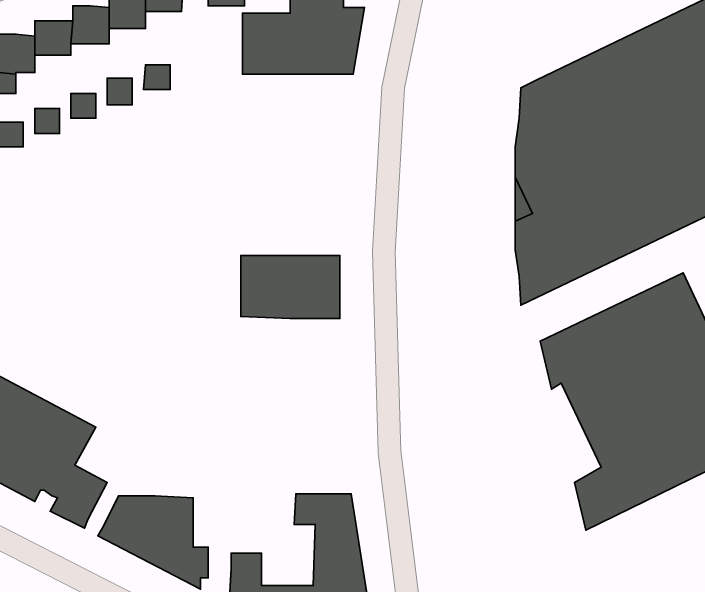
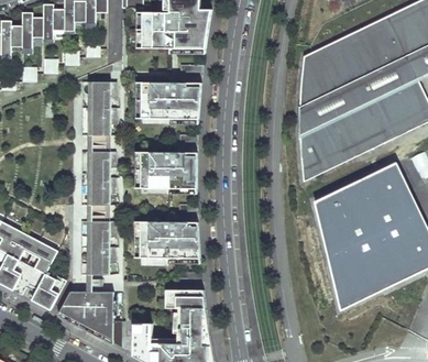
building: none -> [91,80,118,134]
building: none -> [141,81,201,118]
building: none -> [91,151,117,204]
building: none -> [90,220,117,274]
building: none -> [140,221,200,255]
building: none -> [319,226,348,283]

